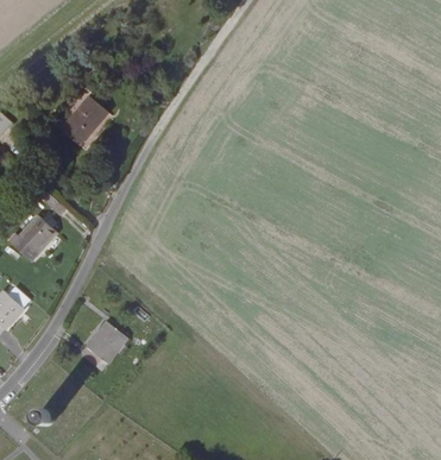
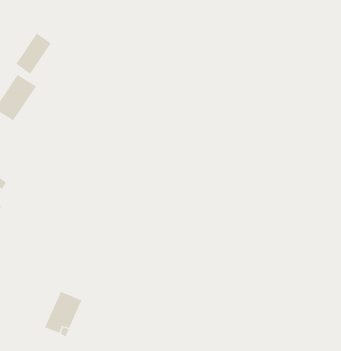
building: none -> [16,33,51,75]

